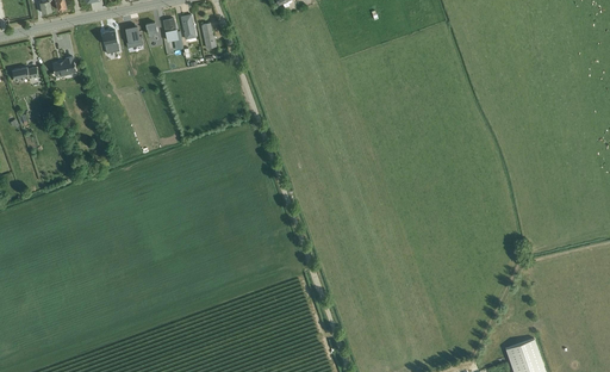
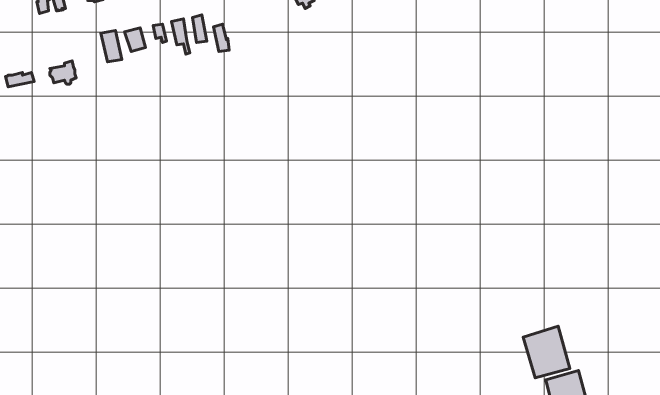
building: none -> [523,326,570,378]

